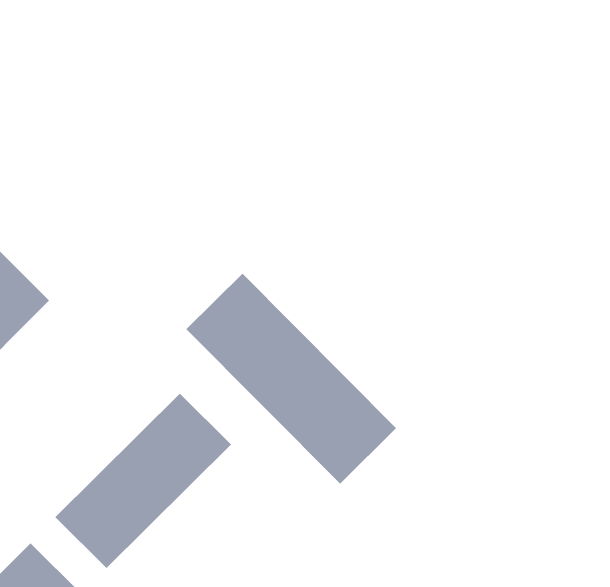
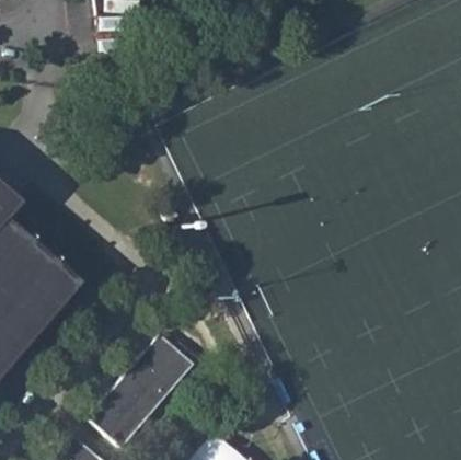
building: [186,273,397,485] -> none

